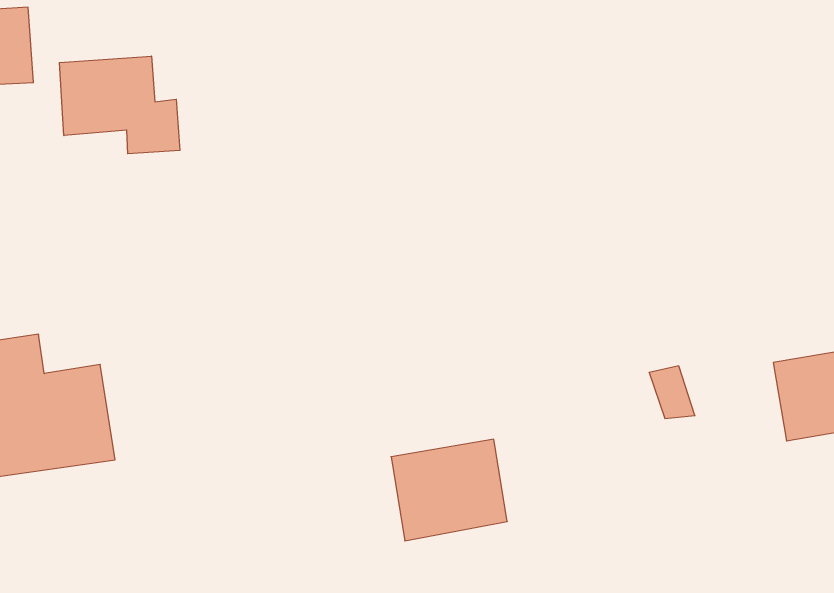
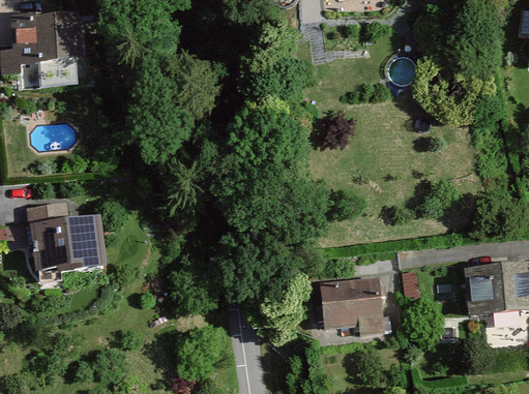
building: [59,56,180,154] -> none
building: [391,439,507,541] -> [322,282,382,333]

